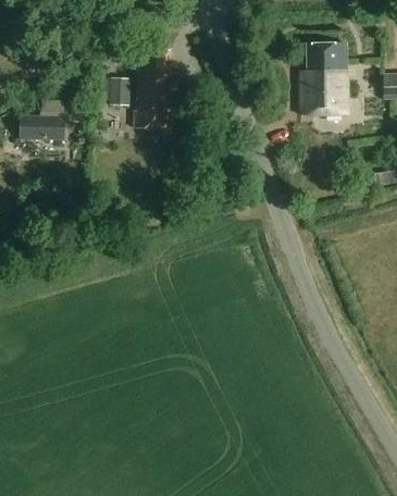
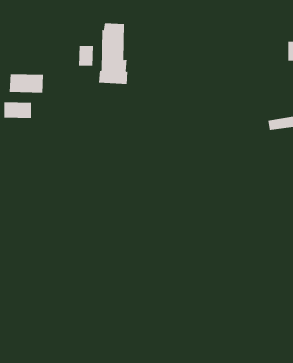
building: [301,45,346,115] -> none
building: none -> [4,102,31,119]

